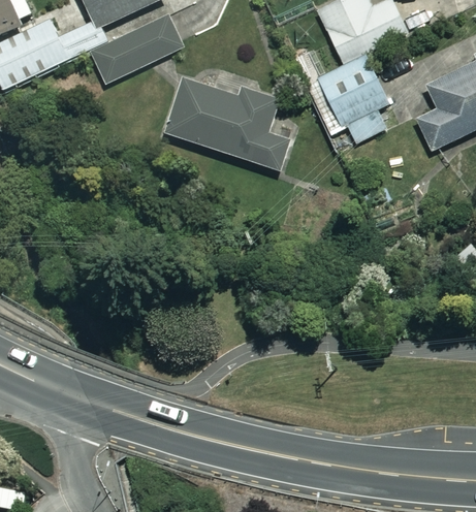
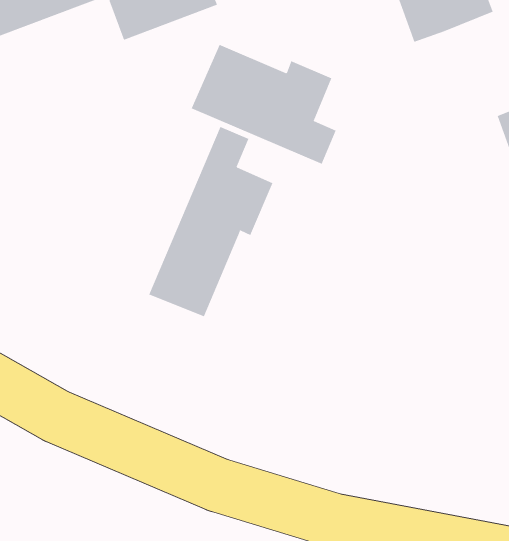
building: [306,53,391,142] -> none
building: none -> [148,126,273,317]

